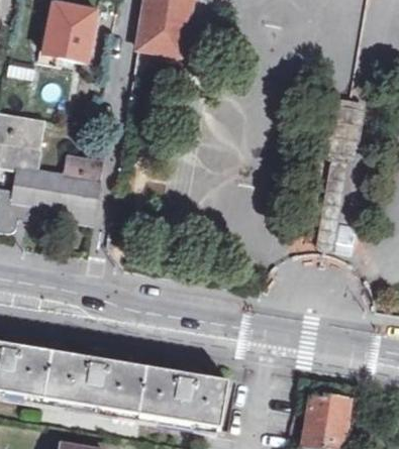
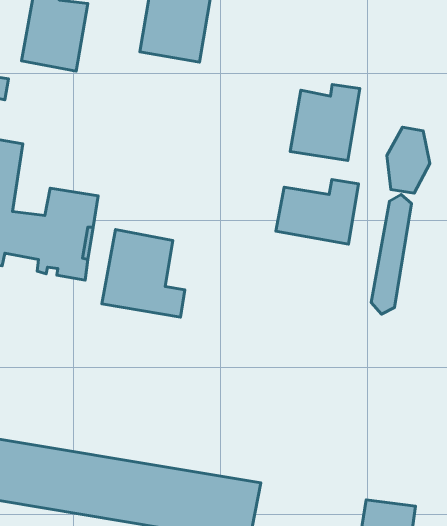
building: none -> [290,84,360,160]
building: none -> [276,179,358,244]
building: none -> [102,230,185,317]

